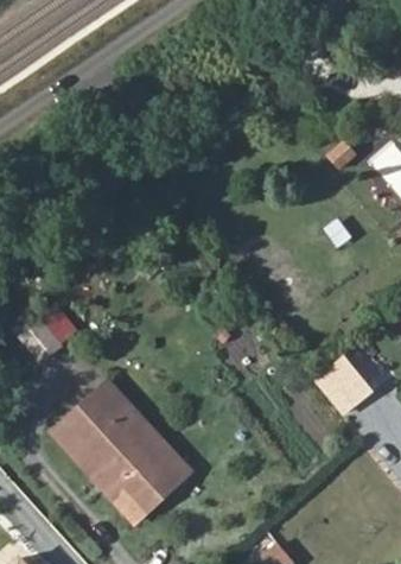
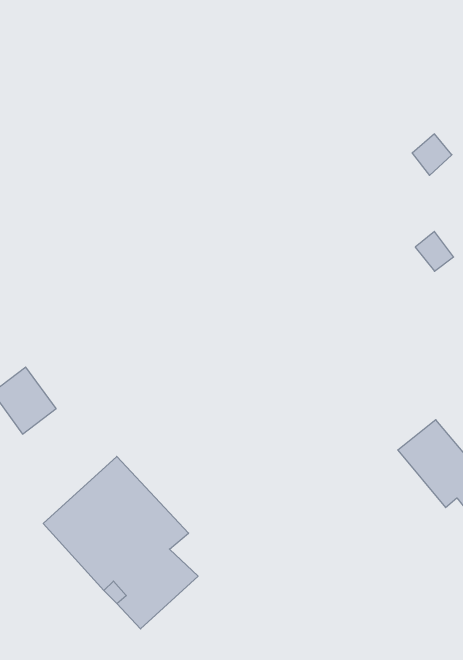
building: [125,439,190,521] -> none

